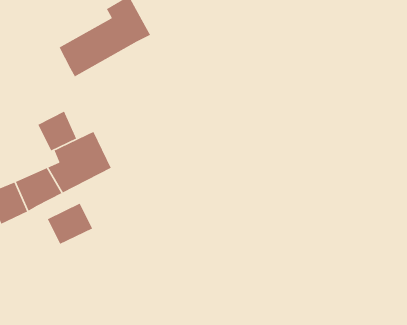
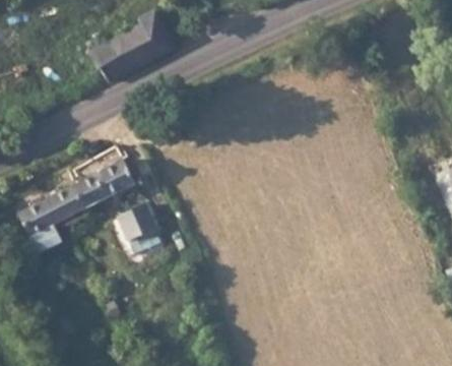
building: [37,111,77,151] -> none
building: [47,203,93,245] -> [116,204,163,247]

